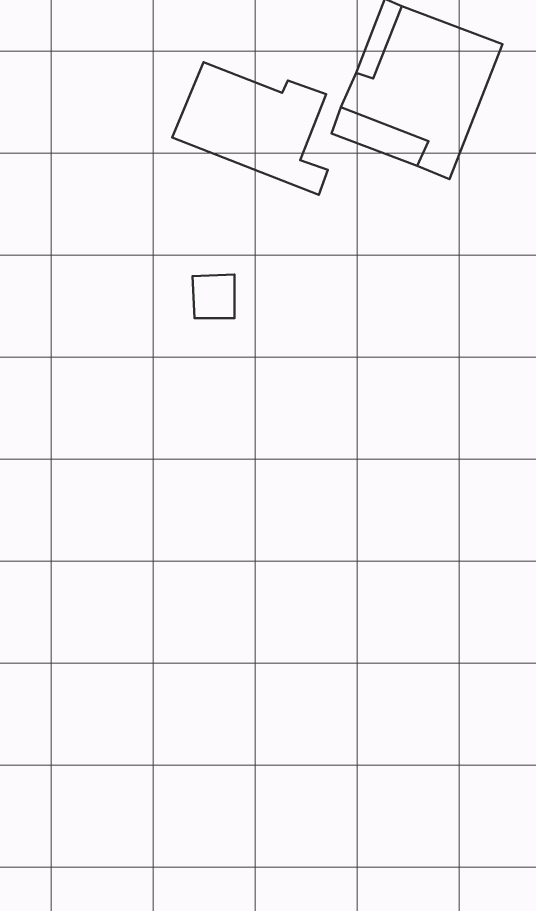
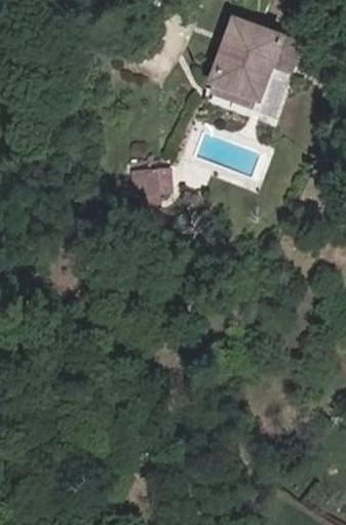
building: [172,62,328,195] -> none

